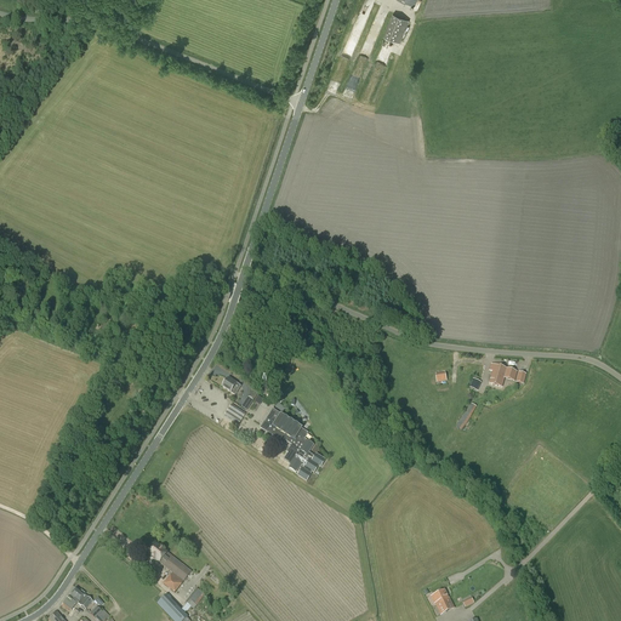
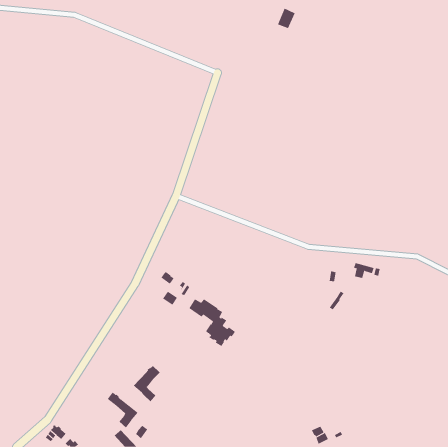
building: none -> [133,365,160,402]

